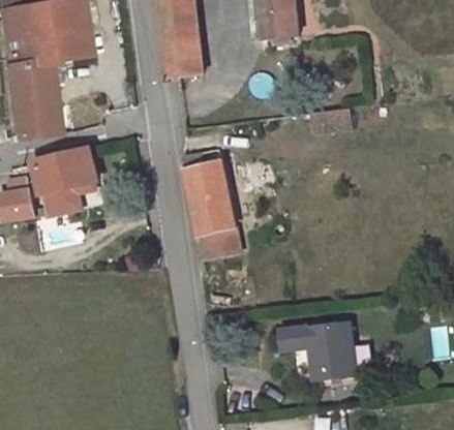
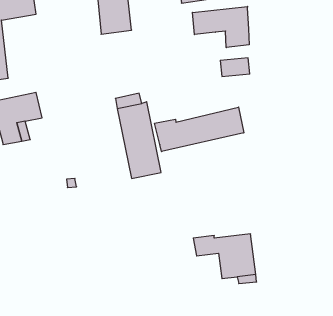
building: none -> [192,6,249,48]
building: none -> [155,107,244,152]

